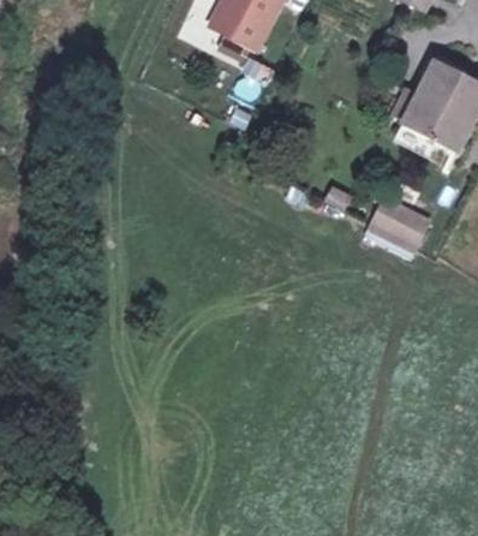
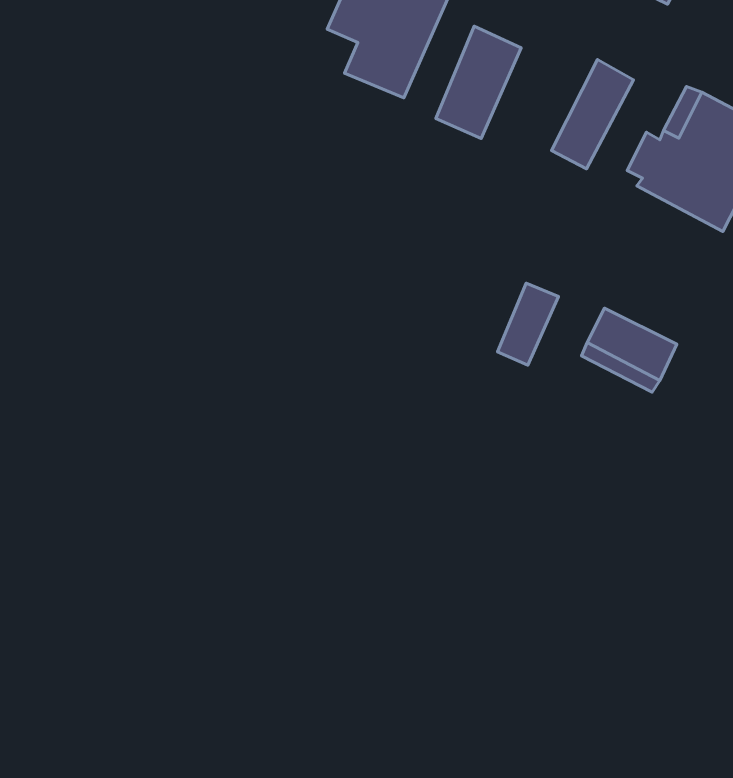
building: none -> [436,26,521,138]
building: none -> [552,60,633,169]

